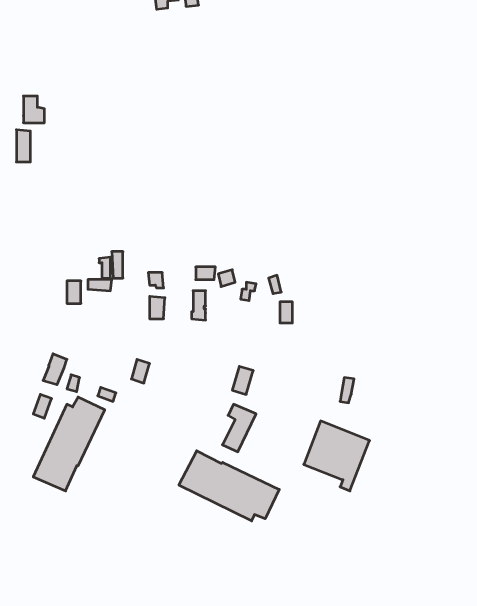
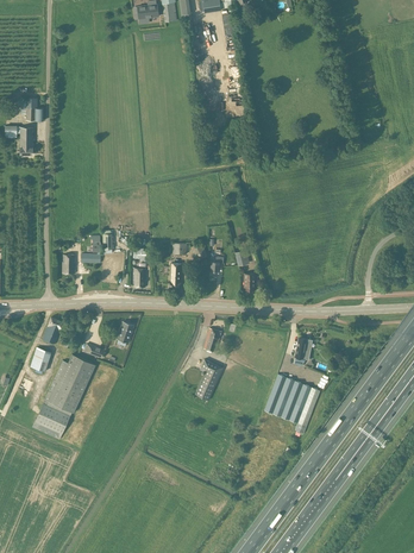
building: [179,451,279,521] -> none

